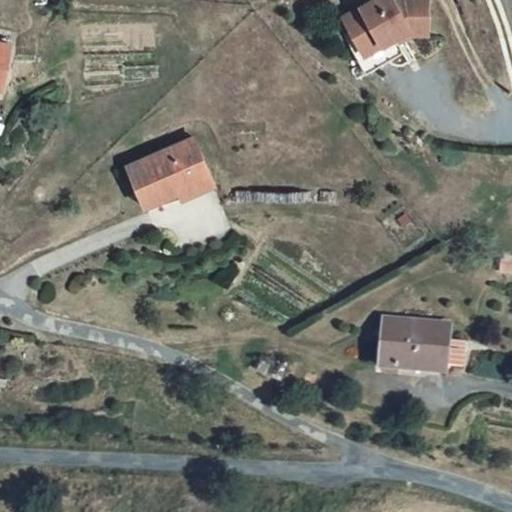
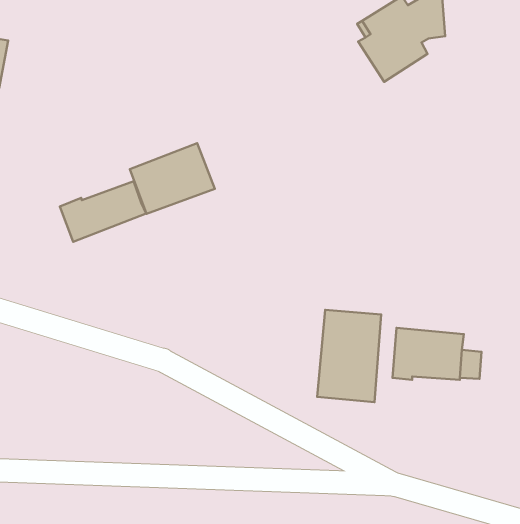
building: none -> [60,181,146,242]
building: none -> [317,310,381,402]

